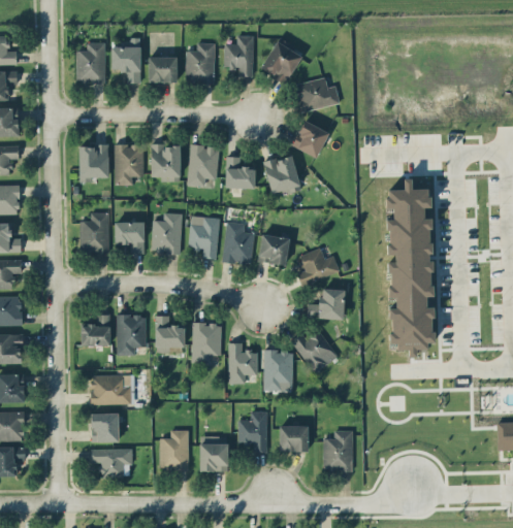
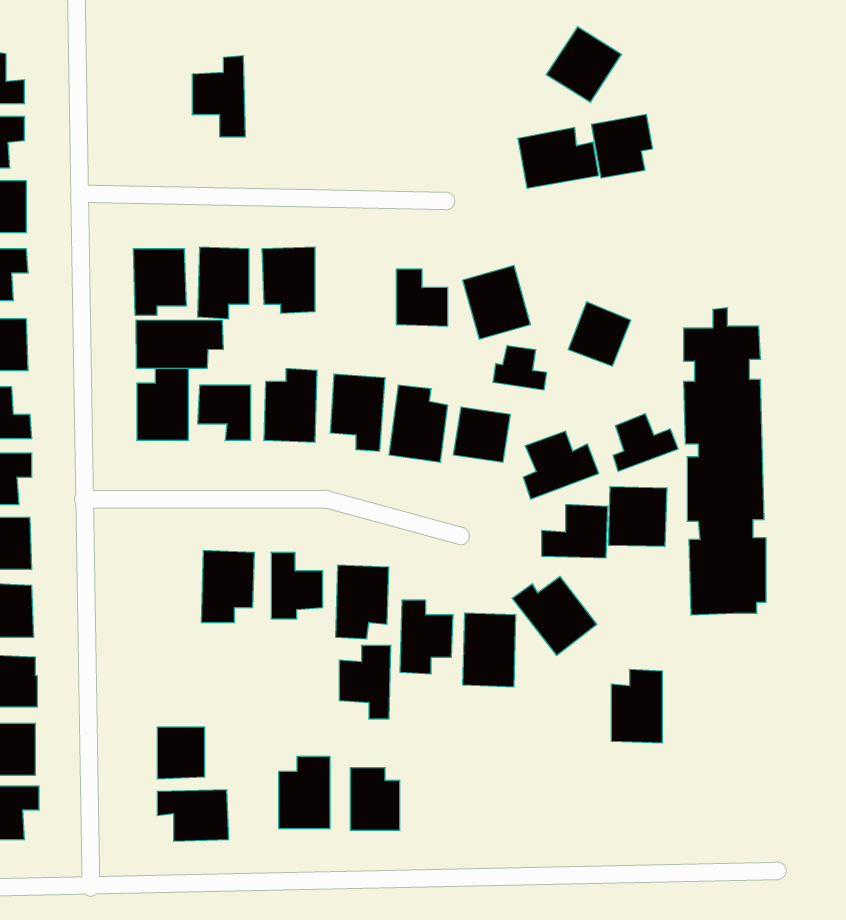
building: [224,35,254,76] -> none
building: [260,41,302,84] -> [546,27,622,102]
building: [76,42,105,84] -> none
building: [186,43,215,84] -> none
building: [149,57,178,82] -> none
building: none -> [592,114,652,178]
building: [293,121,328,157] -> [568,302,631,366]
building: [188,145,219,187] -> none
building: none -> [136,320,223,368]
building: none -> [493,345,547,390]
building: none -> [613,414,678,472]
building: none -> [608,486,667,547]
building: [81,315,110,345] -> none
building: [91,374,132,404] -> none
building: [238,411,267,453] -> [339,645,391,719]
building: [280,426,309,452] -> none
building: [324,430,353,471] -> [611,669,663,743]

